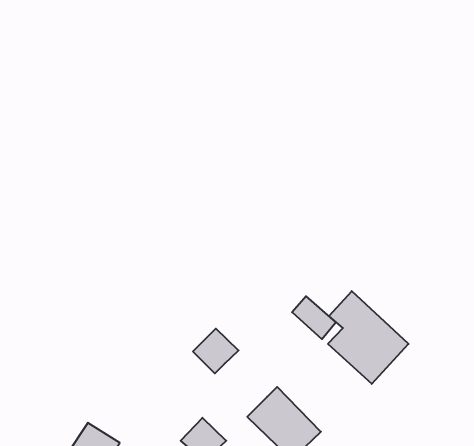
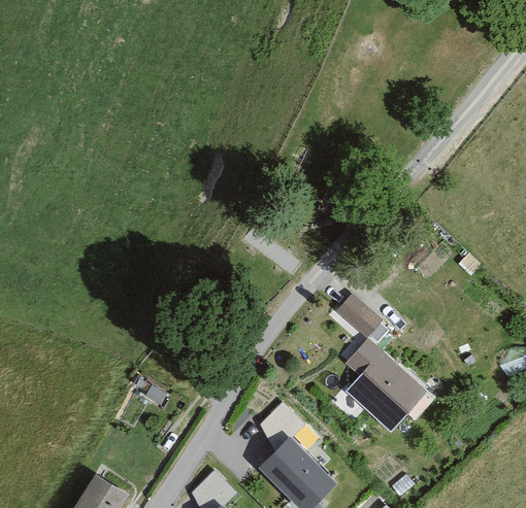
building: [292,296,336,339] -> [336,294,382,338]
building: [193,329,239,373] -> [258,401,305,447]

